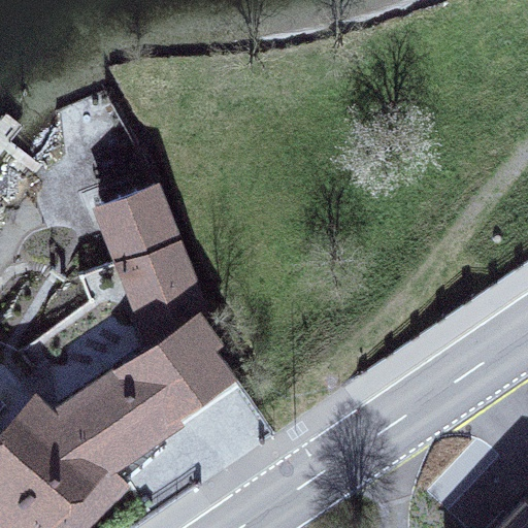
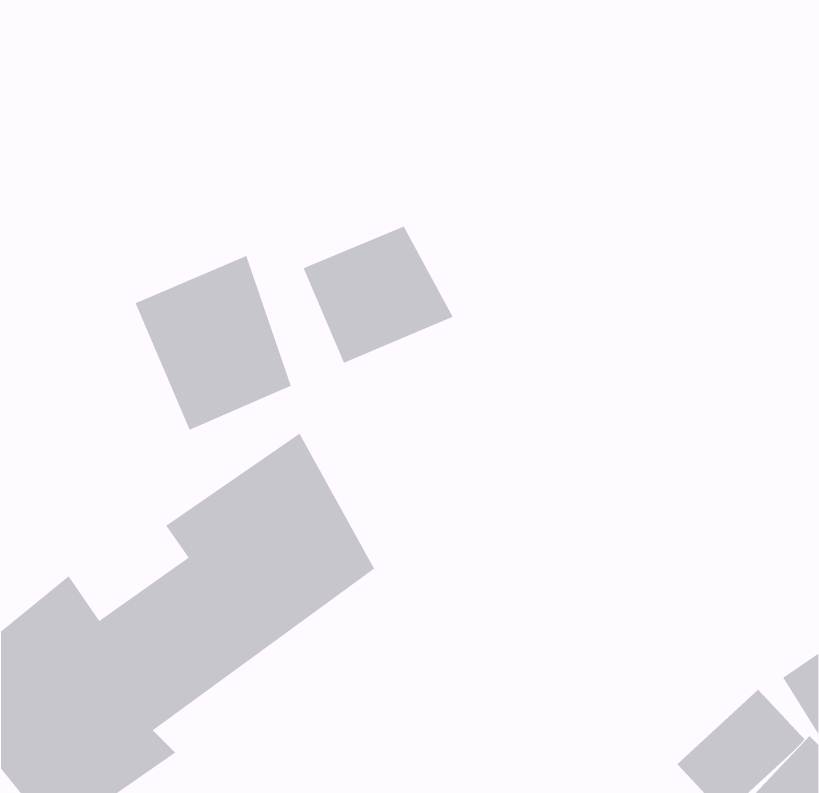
building: none -> [303,226,454,364]

